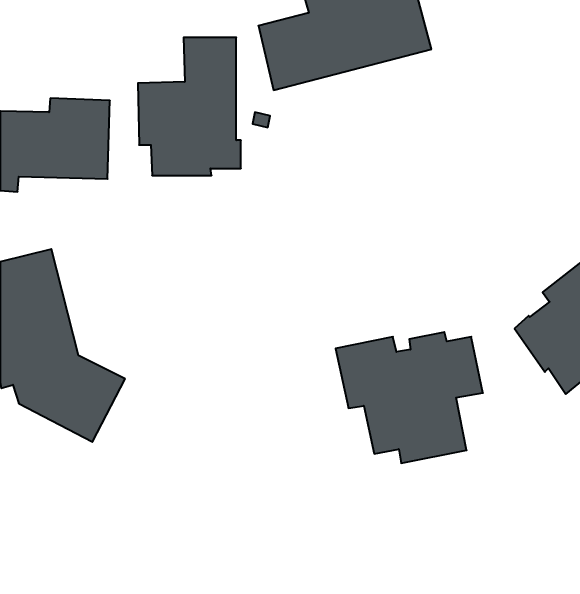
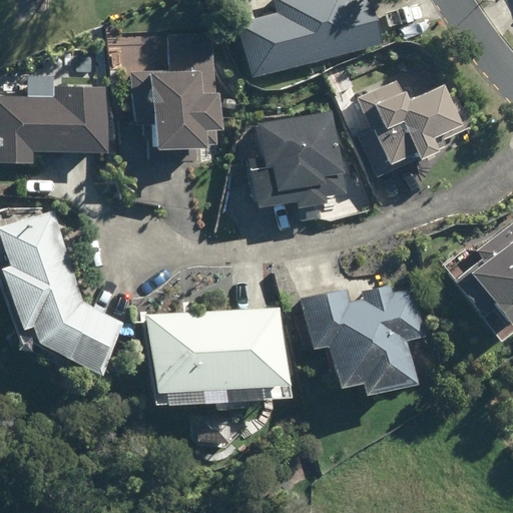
building: none -> [361,79,476,176]
building: none -> [247,110,344,208]
building: none -> [146,311,285,406]

